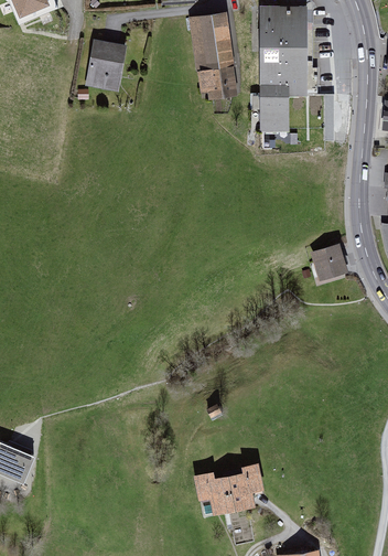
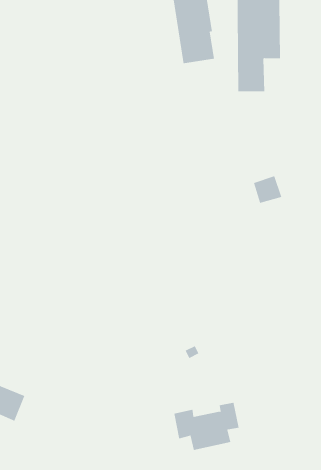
building: [85,40,127,92] -> none
building: [313,245,344,275] -> [253,176,282,203]

